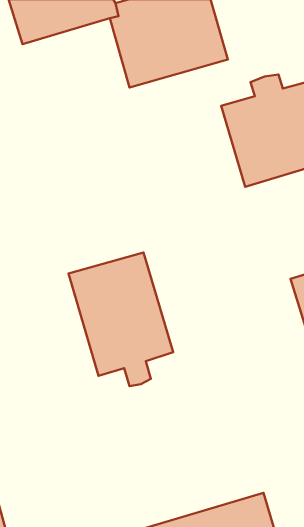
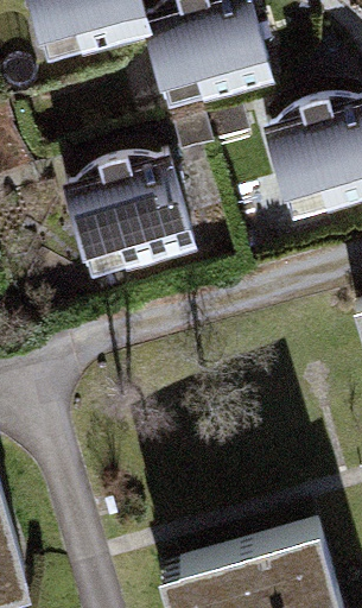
building: none -> [63,141,195,265]
building: [68,253,173,386] -> none

